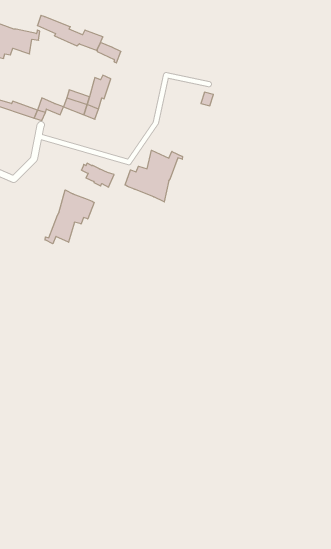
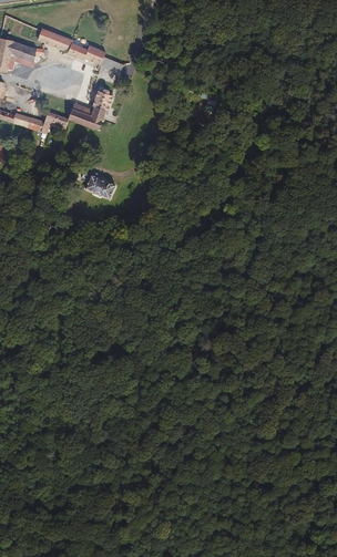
building: [125,150,182,202] -> none
building: [45,190,94,244] -> none

